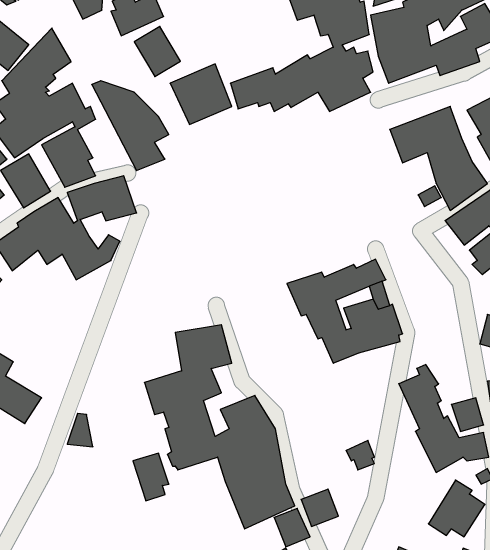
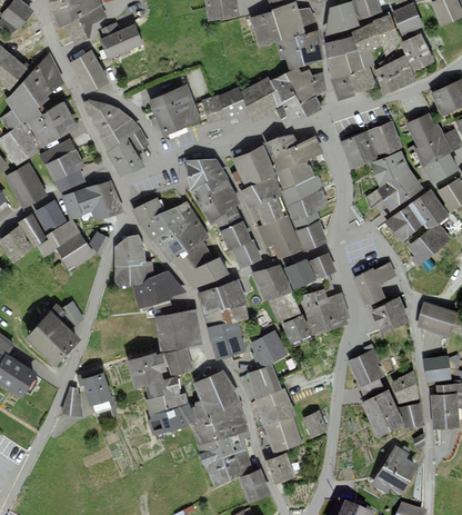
building: [134,26,180,77] -> [68,49,108,92]
building: none -> [229,131,329,257]
building: none -> [185,159,261,268]
building: none -> [130,197,230,289]
building: none -> [113,235,184,309]
building: none -> [352,261,395,306]
building: none -> [197,279,301,453]
building: none -> [371,296,411,333]
building: none -> [27,301,82,365]
building: [133,453,169,501] -> [82,372,113,413]

